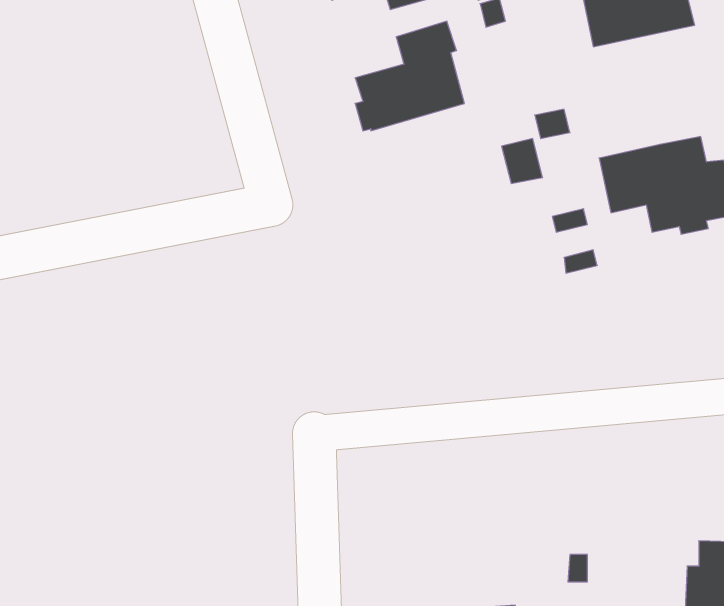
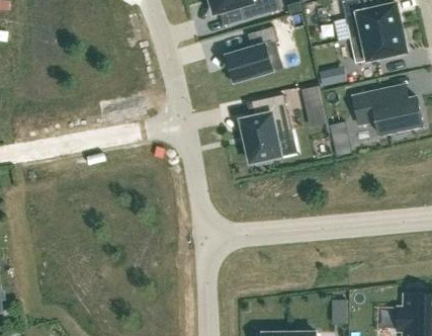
building: none -> [350,27,408,63]
building: none -> [242,94,292,165]

